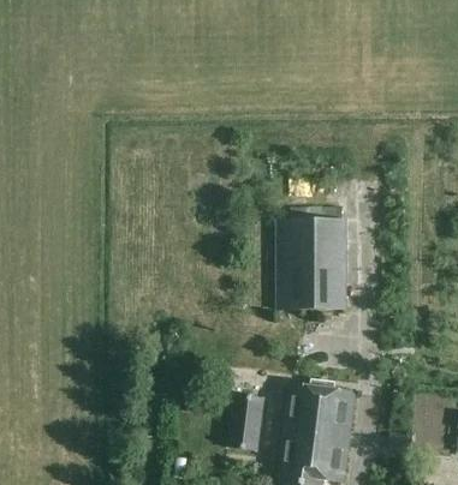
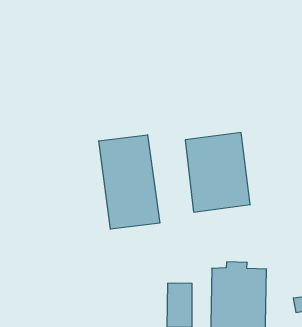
building: none -> [99,135,160,229]

